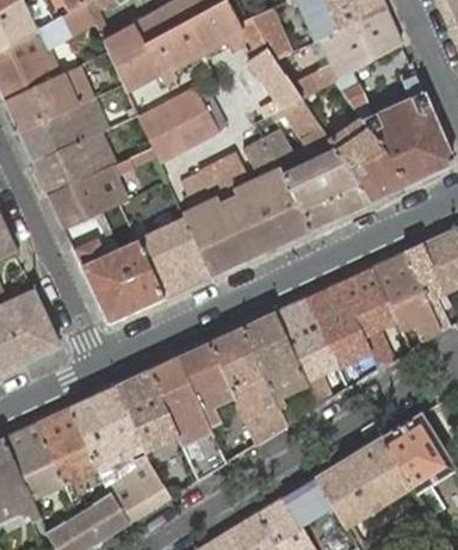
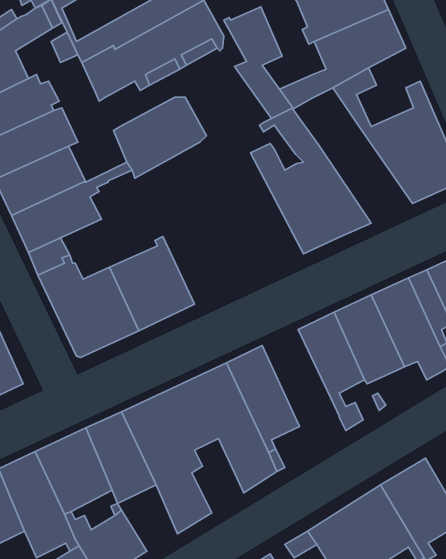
building: [326,118,409,202] -> none
building: [181,138,311,271] -> none
building: [274,297,344,407] -> none

